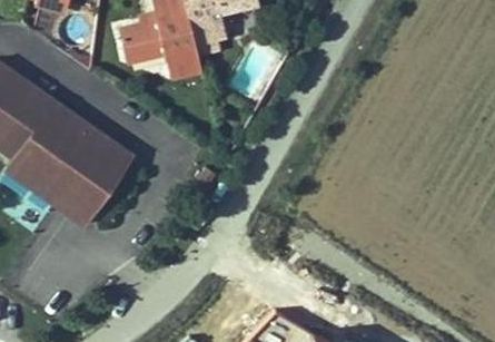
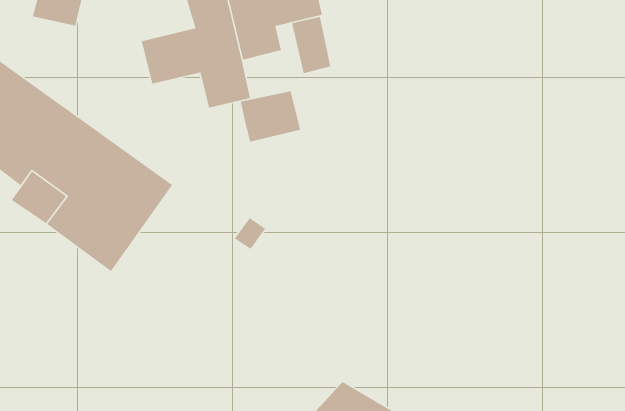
building: none -> [291,16,331,74]
building: none -> [240,90,301,142]

